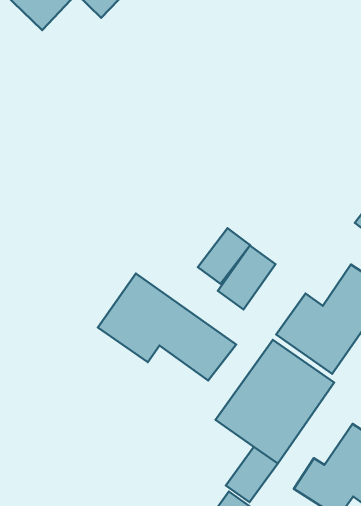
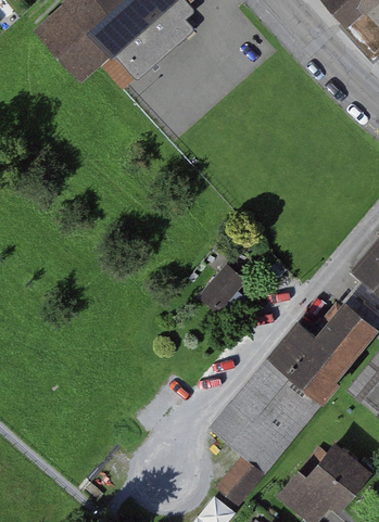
building: [218,246,275,309] -> none
building: [98,273,236,380] -> none

